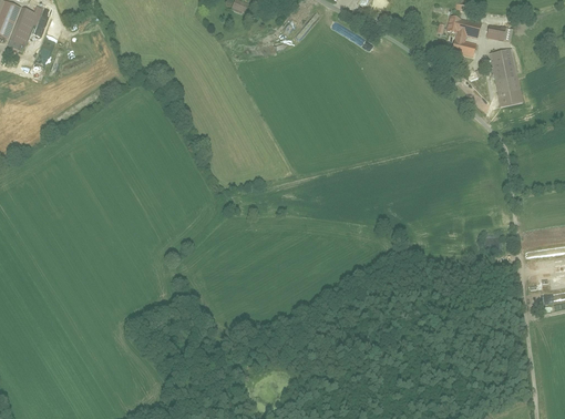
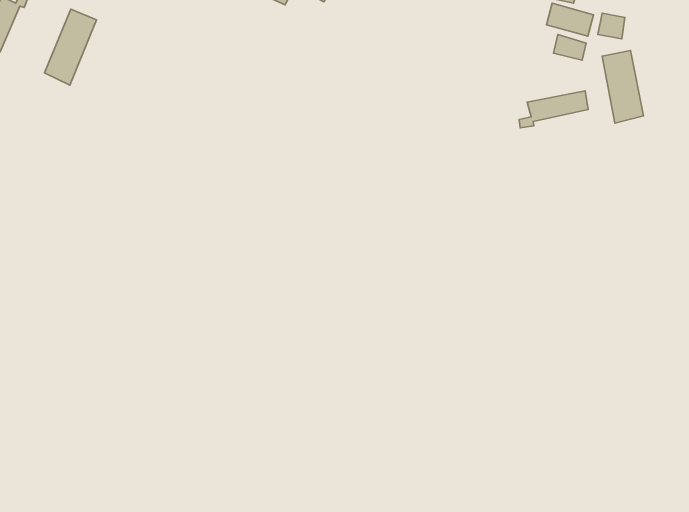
building: none -> [44,9,97,85]
building: none -> [519,91,588,128]

